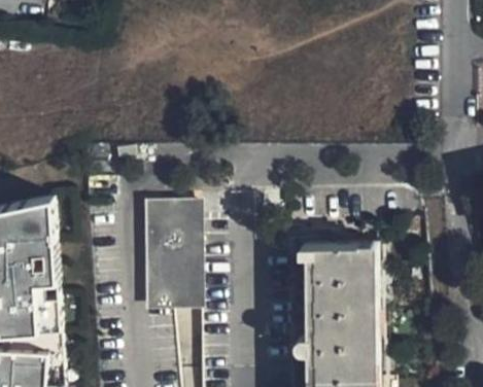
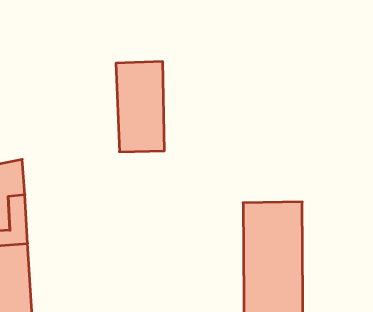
building: [148,204,205,309] -> [116,62,164,152]

